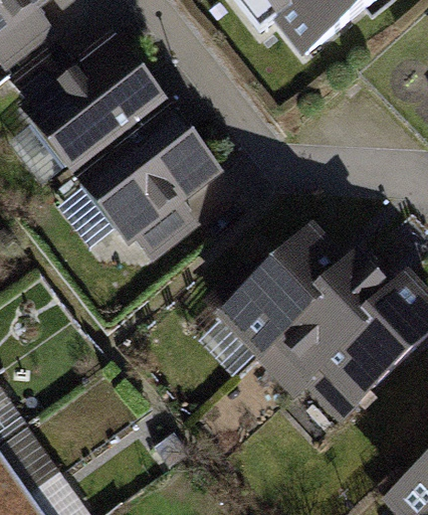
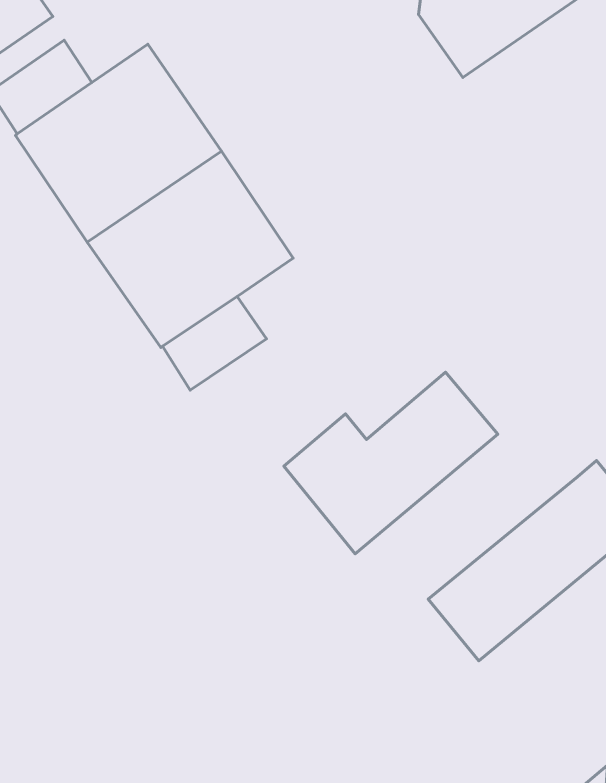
building: [261,261,396,391] -> none

